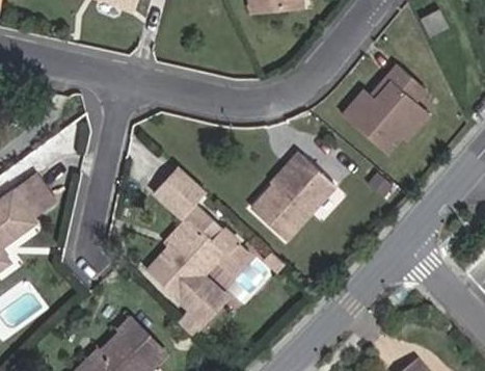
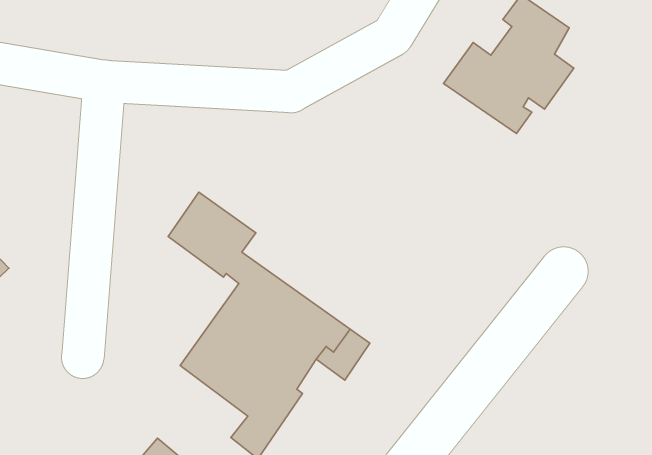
building: [253,154,334,239] -> none

